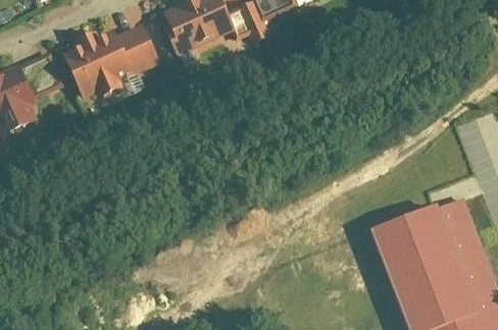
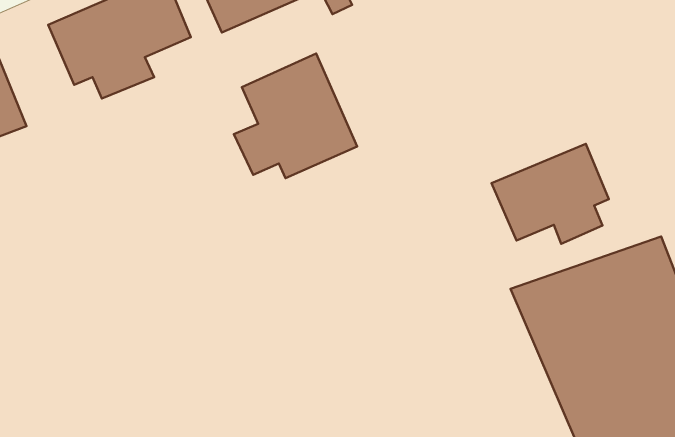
building: none -> [234,53,357,178]
building: none -> [491,144,609,244]

